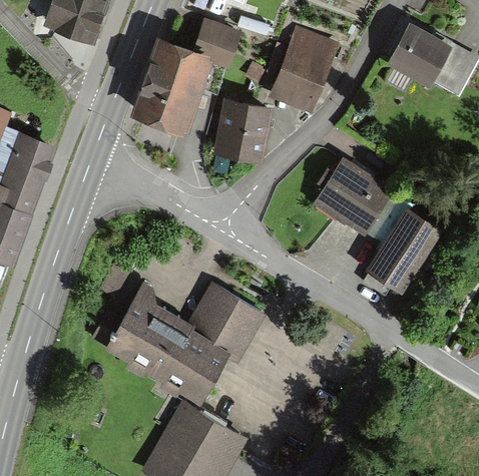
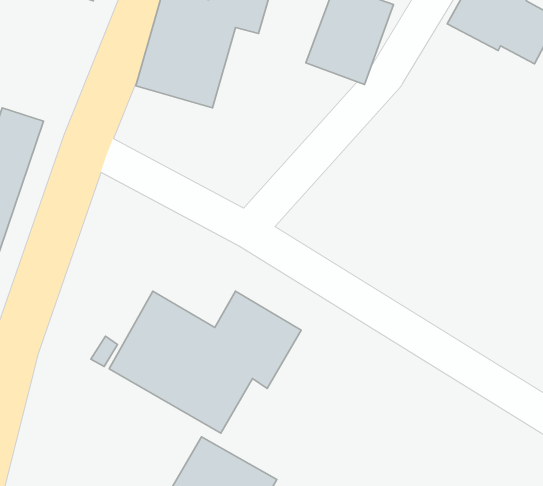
building: [213,95,270,160] -> none
building: [311,157,400,242] -> none
building: [363,205,443,299] -> none

